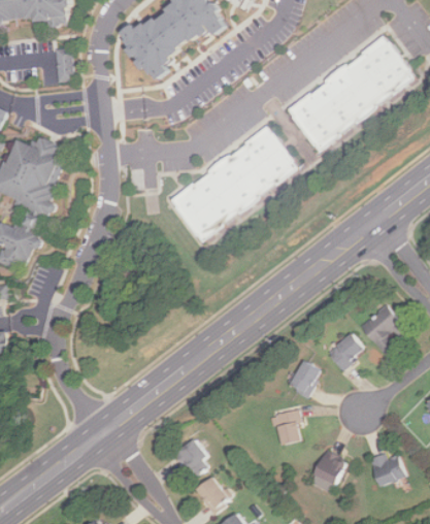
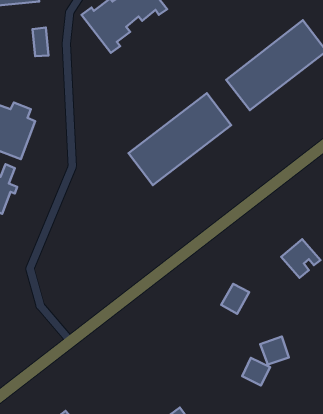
building: [327,332,363,369] -> none
building: [273,410,301,444] -> none
building: [174,438,210,478] -> none
building: [368,451,403,485] -> [260,337,289,364]
building: [194,476,229,514] -> none

